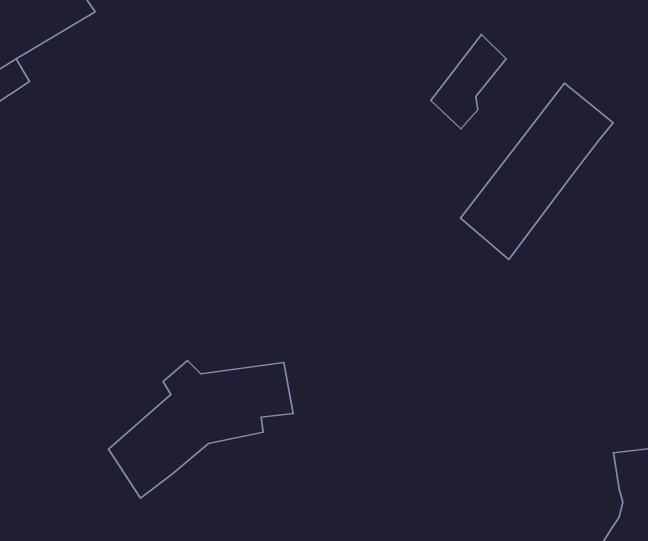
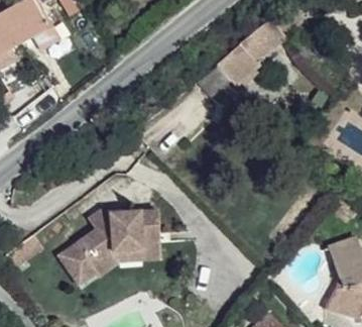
building: [461,83,613,260] -> none
building: none -> [96,237,164,279]

